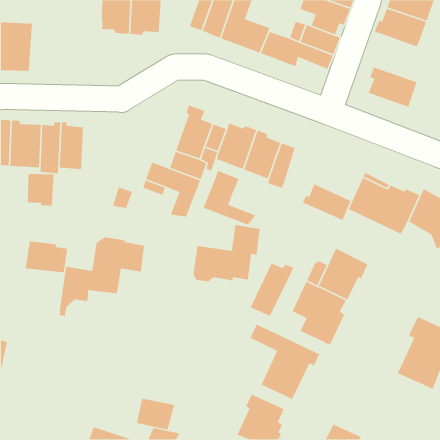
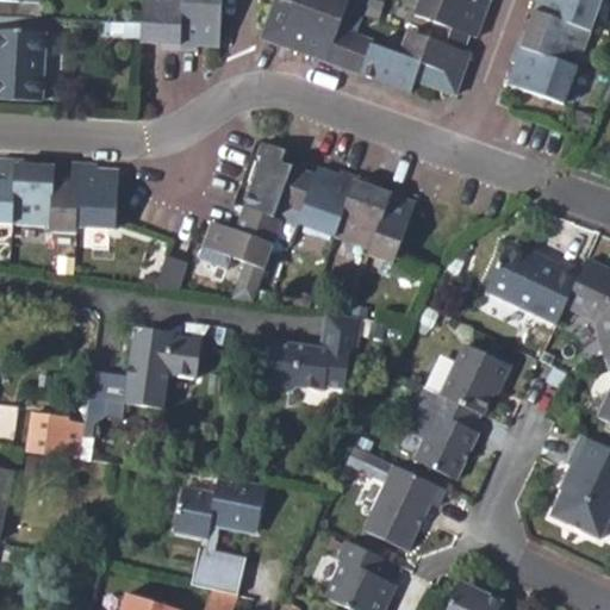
building: [368,66,418,108] -> [509,44,578,101]
building: [203,170,257,225] -> none
building: [26,173,54,206] -> none
building: [302,183,351,221] -> none
building: [25,241,68,273] -> [24,413,83,459]
building: [250,262,294,317] -> none
building: none -> [168,478,264,539]

